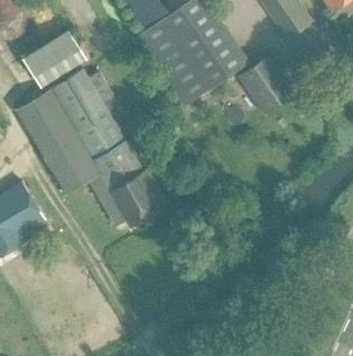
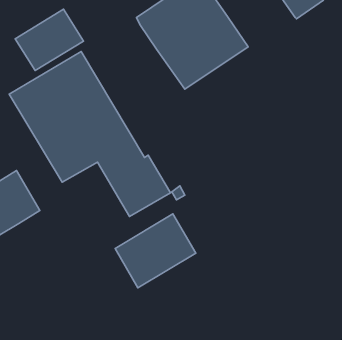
building: [238,53,295,113] -> none
building: none -> [115,214,196,288]

